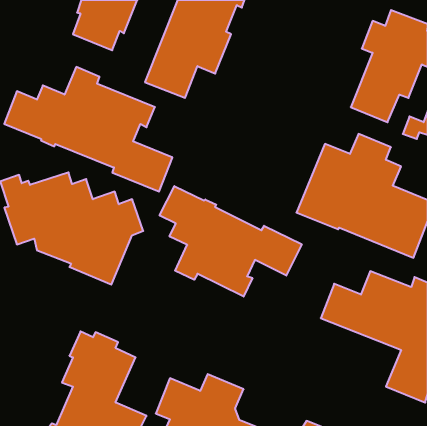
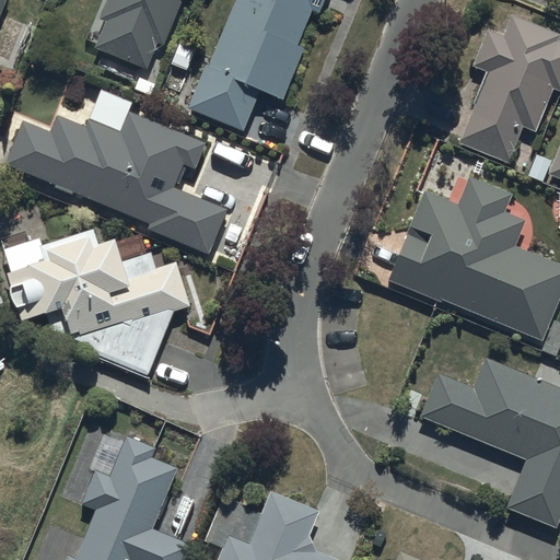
building: [160,186,302,297] -> none

